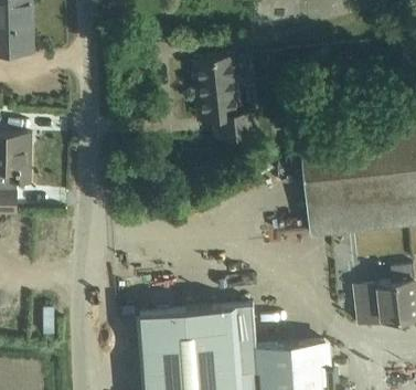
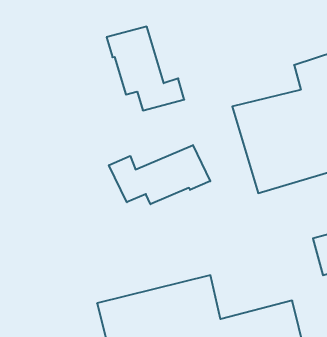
building: none -> [109,145,210,204]

